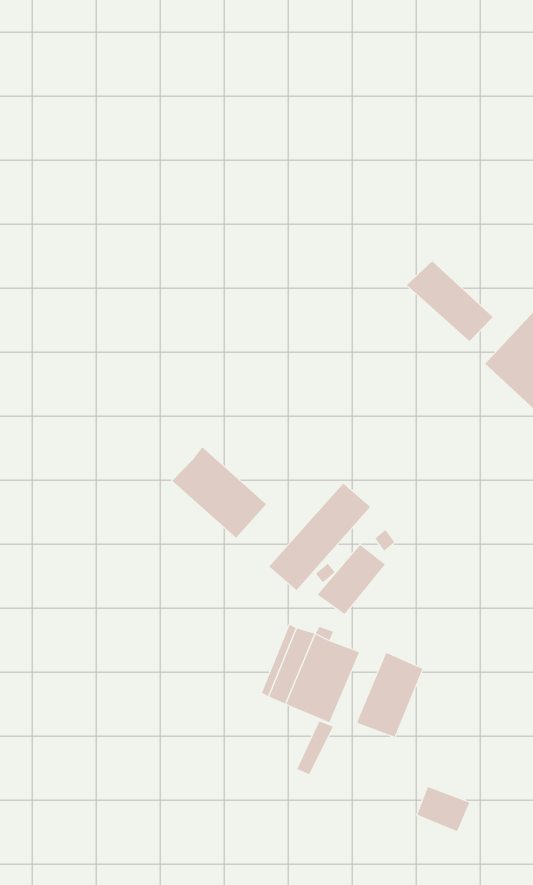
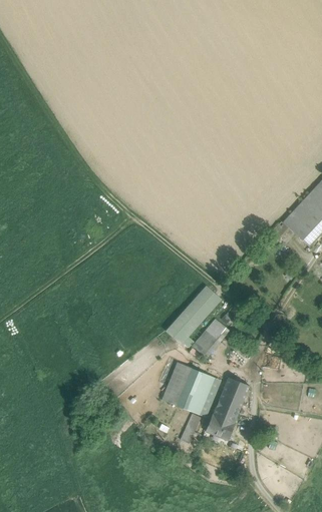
building: [406,260,493,342] -> none
building: [171,447,267,538] -> none
building: [417,785,470,832] -> [206,414,235,439]

